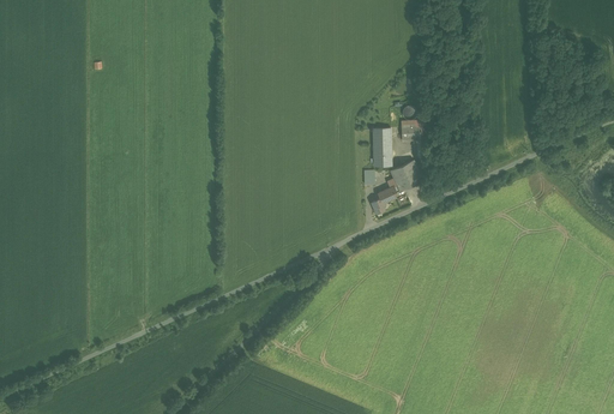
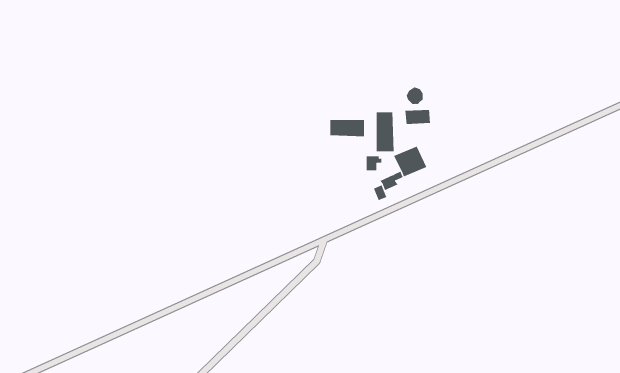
building: none -> [330,119,365,137]

